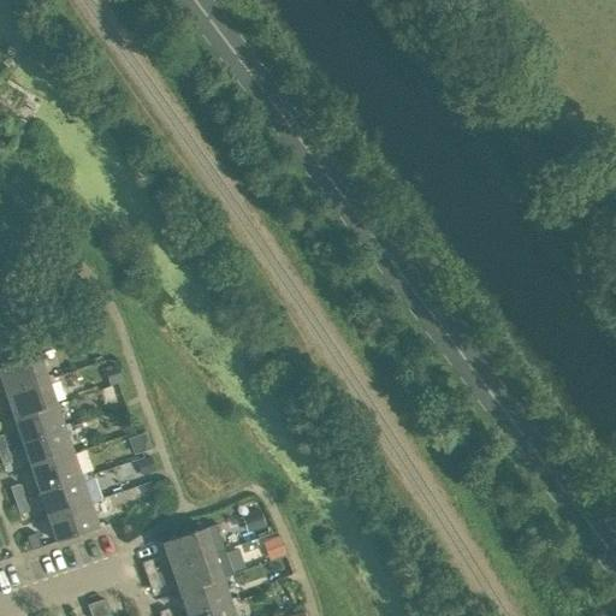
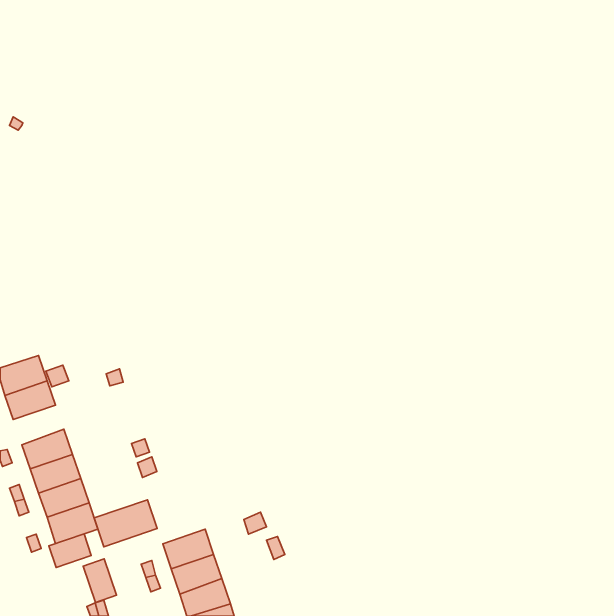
building: [16,404,66,444] -> none
building: none -> [94,500,157,547]
building: none -> [49,534,91,568]
building: none -> [83,559,117,603]

